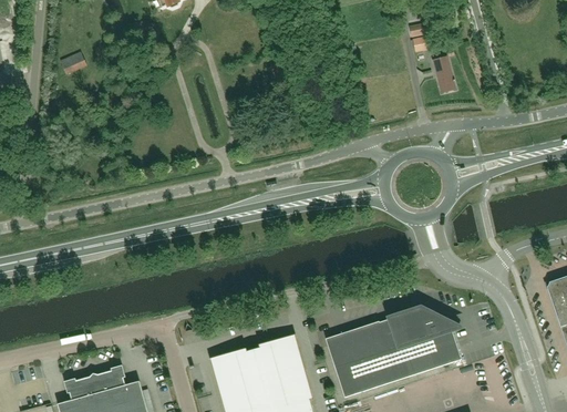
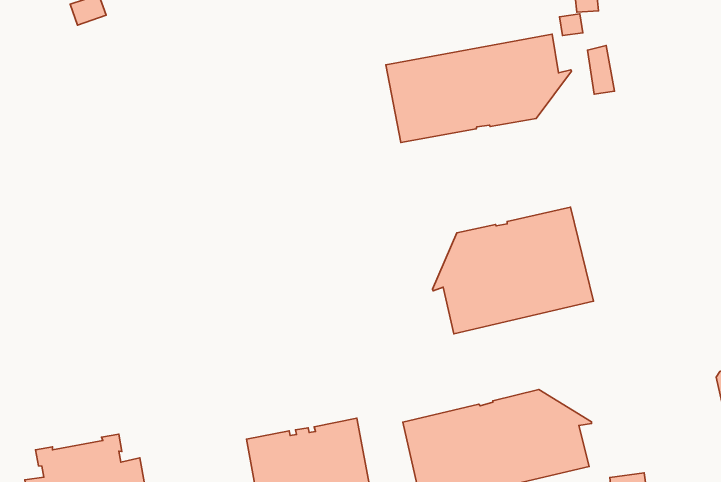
building: none -> [386,34,571,142]
building: none -> [432,207,593,334]

